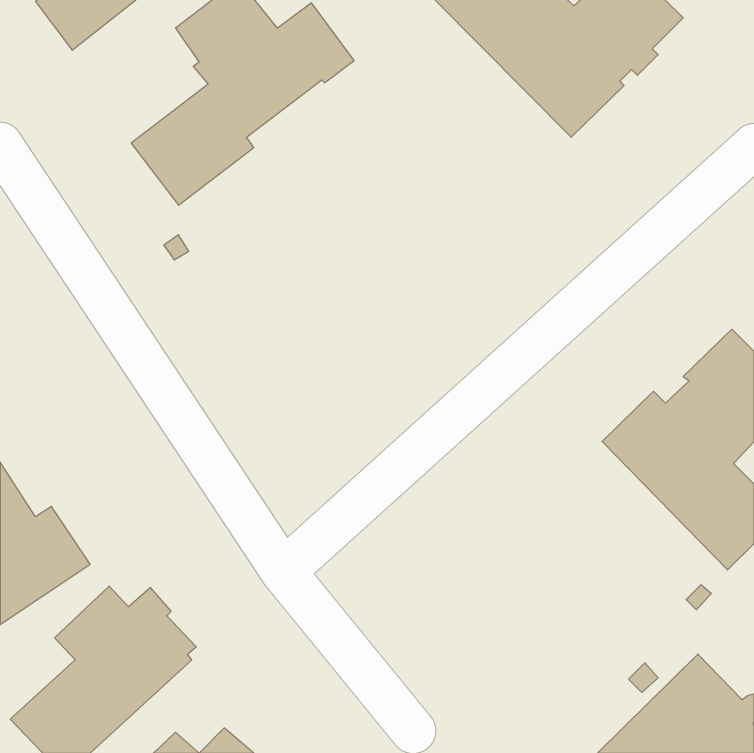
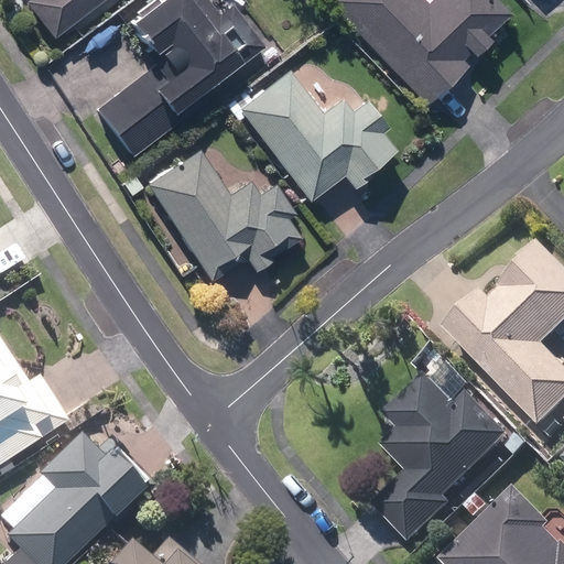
building: none -> [226,72,395,200]
building: none -> [148,151,300,280]
building: none -> [378,376,516,543]

